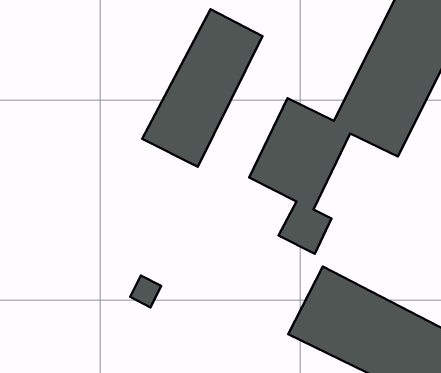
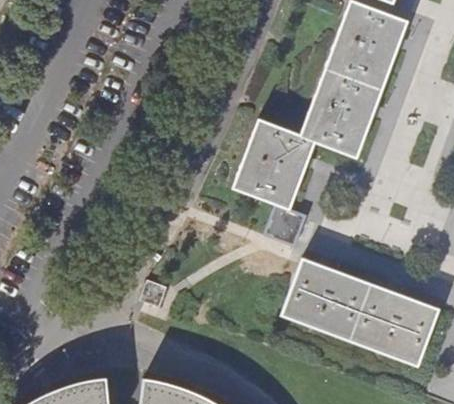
building: [142,9,263,167] -> none

